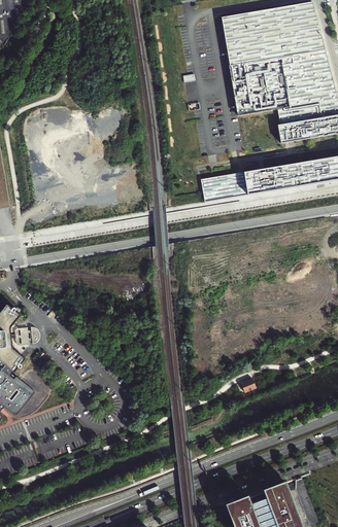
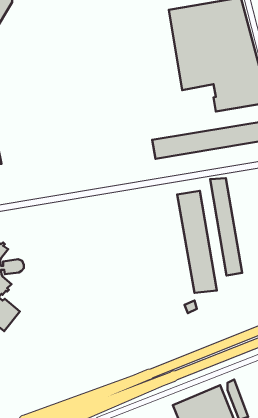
building: none -> [210,178,242,276]
building: none -> [177,191,217,293]

